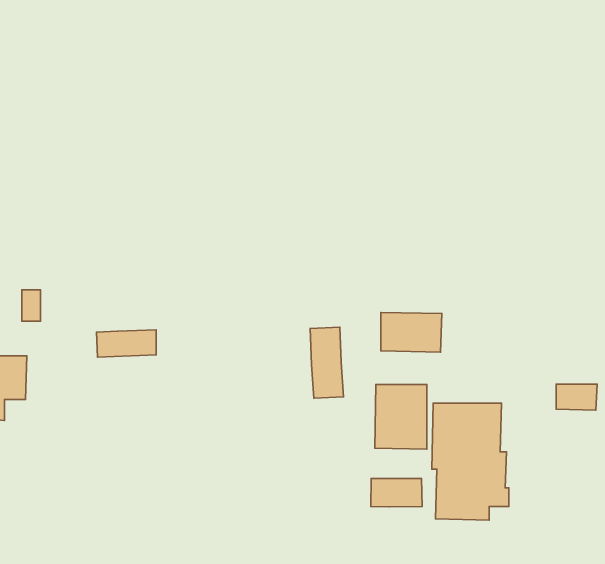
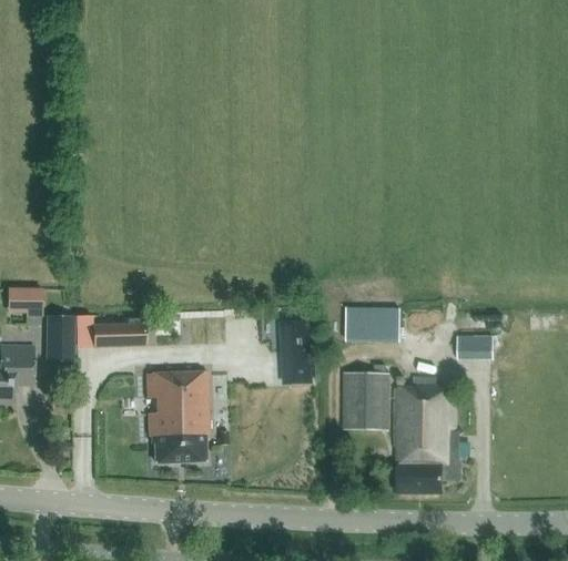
building: none -> [47,314,73,359]
building: [556,384,597,410] -> [456,335,493,358]
building: none -> [148,370,209,461]
building: [371,478,422,507] -> none

